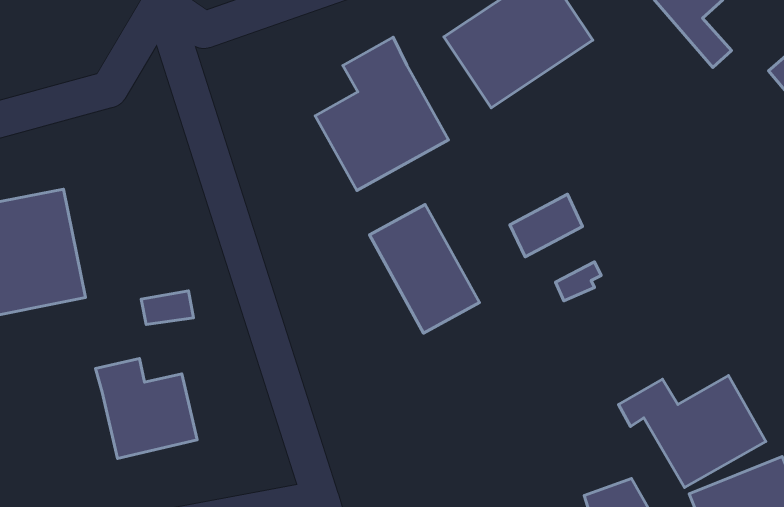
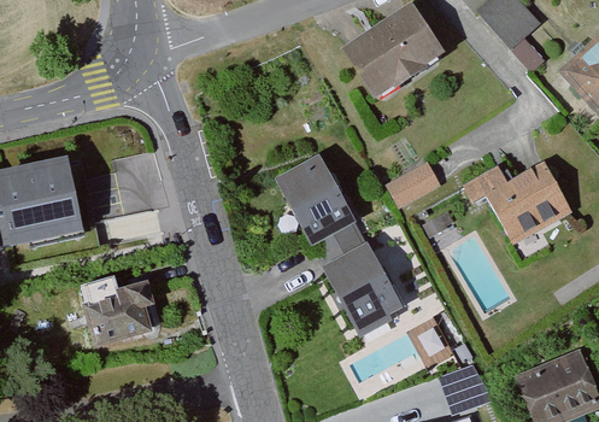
building: [315,37,448,190] -> none
building: none -> [328,258,410,350]
building: [619,376,766,487] -> [465,163,570,242]

